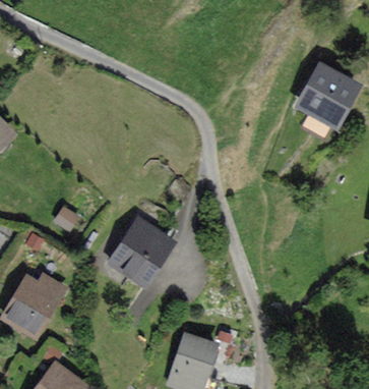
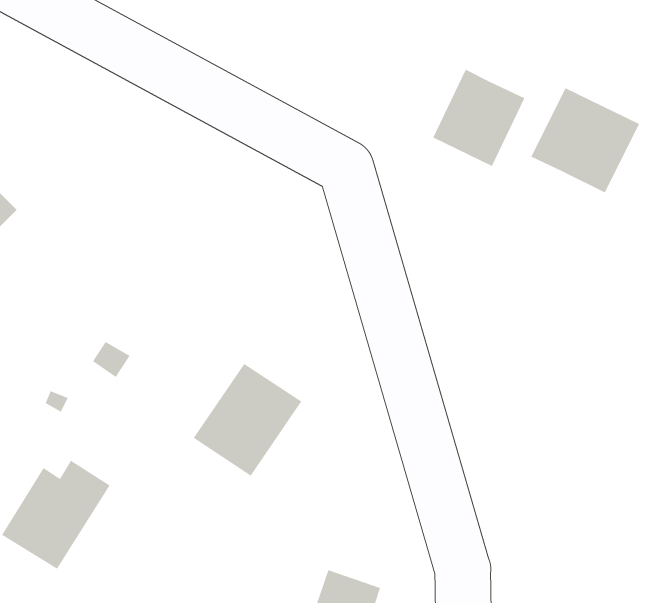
building: none -> [433,69,525,167]

